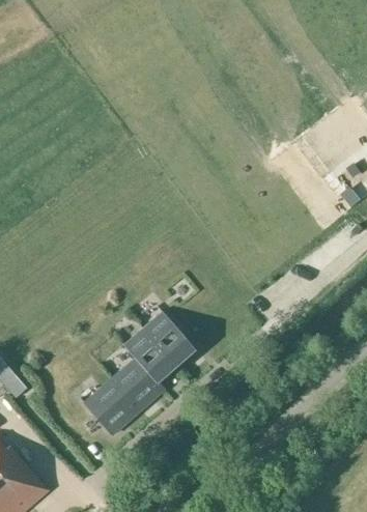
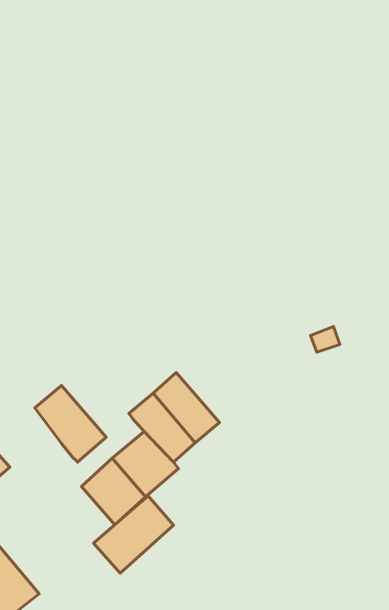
building: none -> [35,386,106,462]
building: none -> [94,496,174,573]

